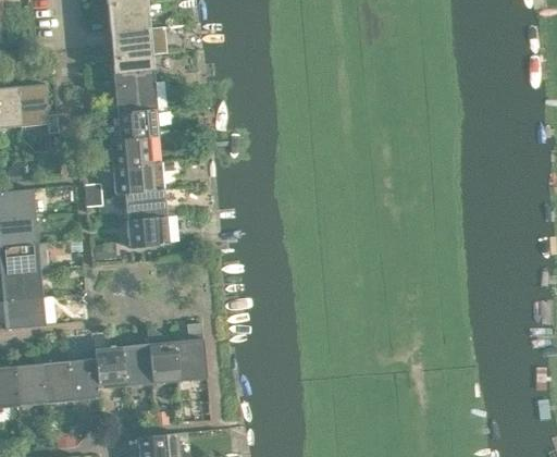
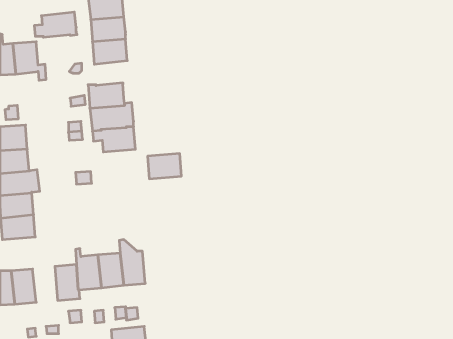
building: [107,110,159,140] -> [34,12,77,37]
building: [126,218,168,248] -> [148,154,181,179]
building: [174,322,205,381] -> none
building: [40,360,71,404] -> none

